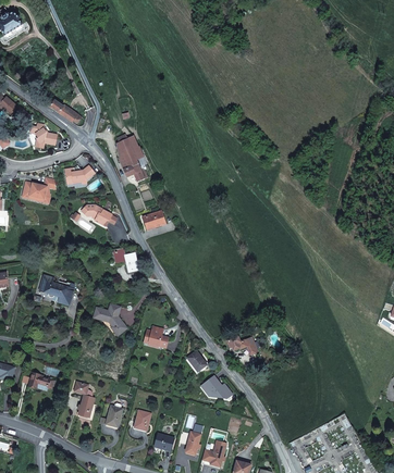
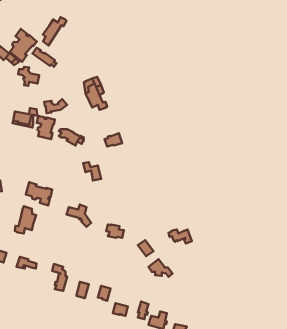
building: none -> [43,17,67,45]
building: none -> [10,29,37,62]
building: none -> [37,116,55,139]
building: none -> [15,206,36,234]

